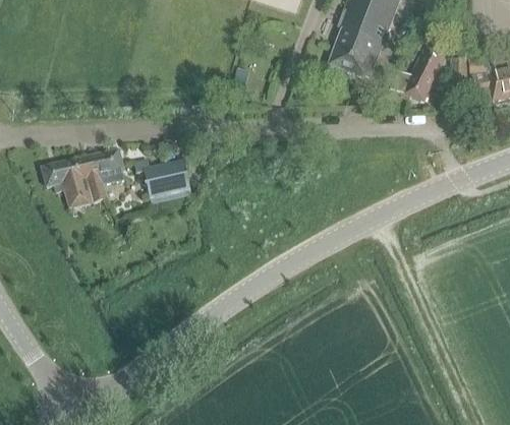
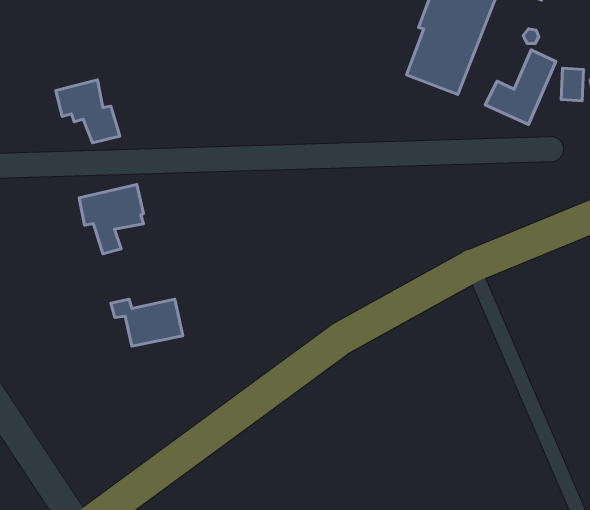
building: [42,160,92,208] -> [56,80,120,143]
building: [133,161,189,197] -> [111,299,183,346]

